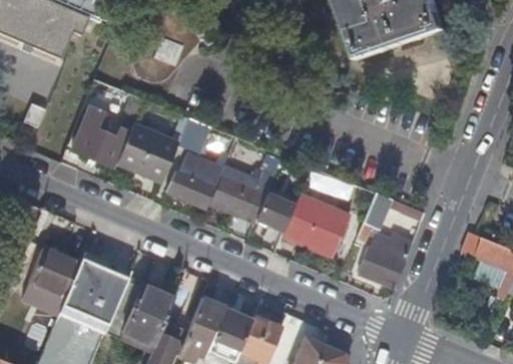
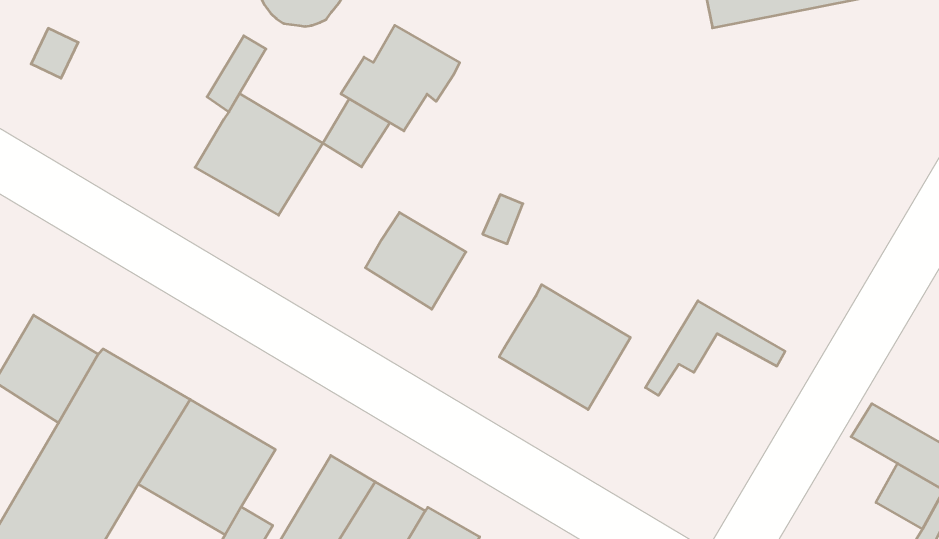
building: [71,103,125,166] -> none
building: [164,150,221,203] -> [341,25,460,131]
building: [253,191,294,231] -> none
building: [357,229,412,284] -> none

